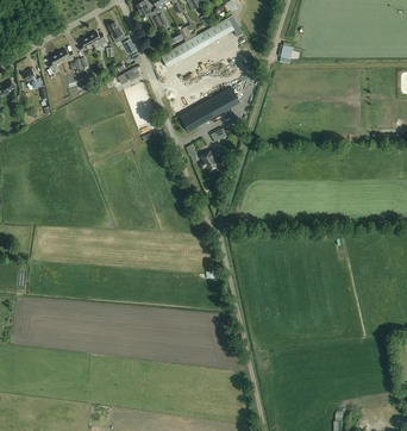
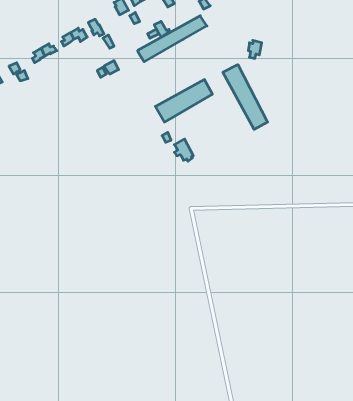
building: none -> [223,65,268,129]

